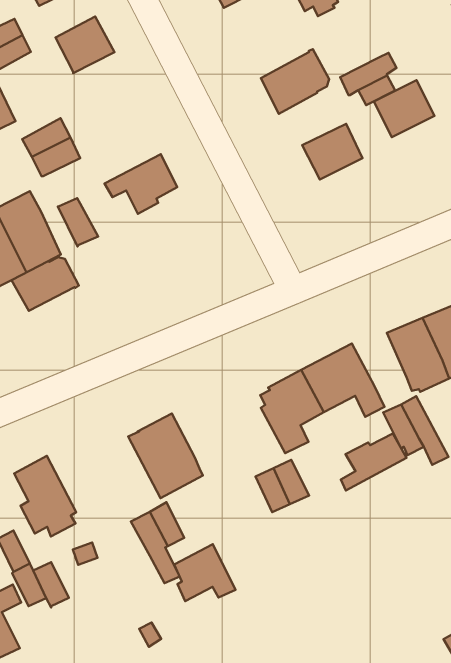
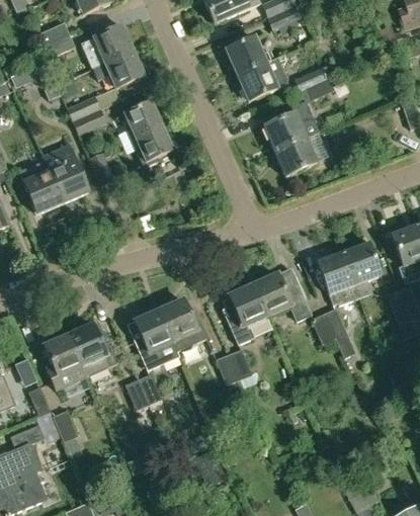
building: none -> [227,36,274,75]
building: none -> [93,50,146,87]
building: [374,80,434,137] -> [276,137,319,176]
building: none -> [118,100,164,143]
building: [11,257,79,311] -> none
building: none -> [160,298,208,350]
building: [341,434,407,490] -> none
building: none -> [69,321,117,375]
building: [174,544,235,601] -> none

